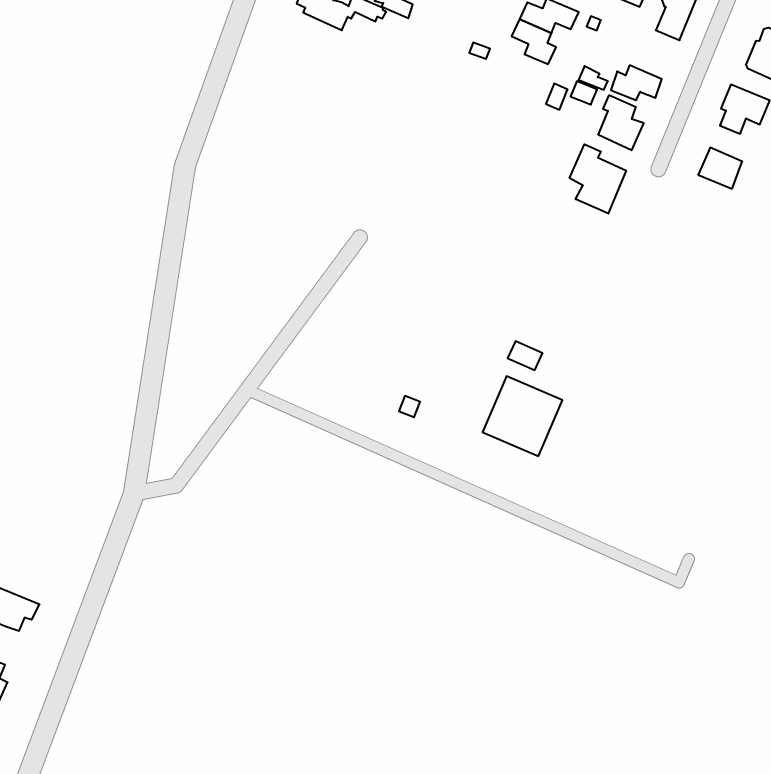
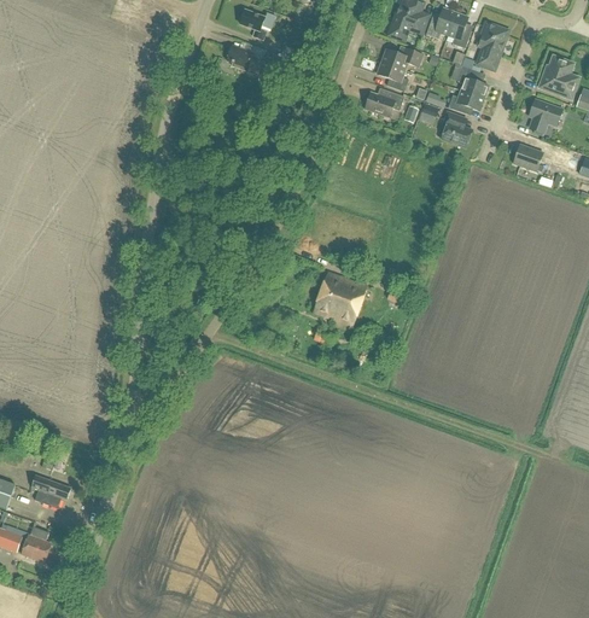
building: none -> [456,65,488,97]
building: none -> [365,89,403,116]
building: [570,144,626,214] -> none
building: [483,376,562,456] -> [313,270,367,325]

